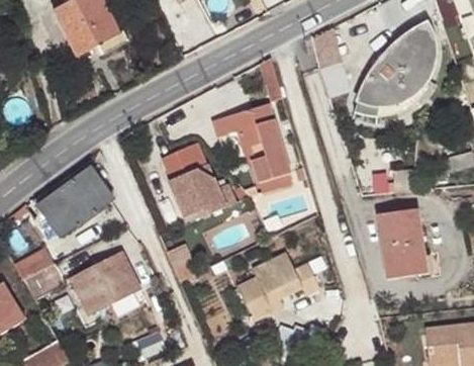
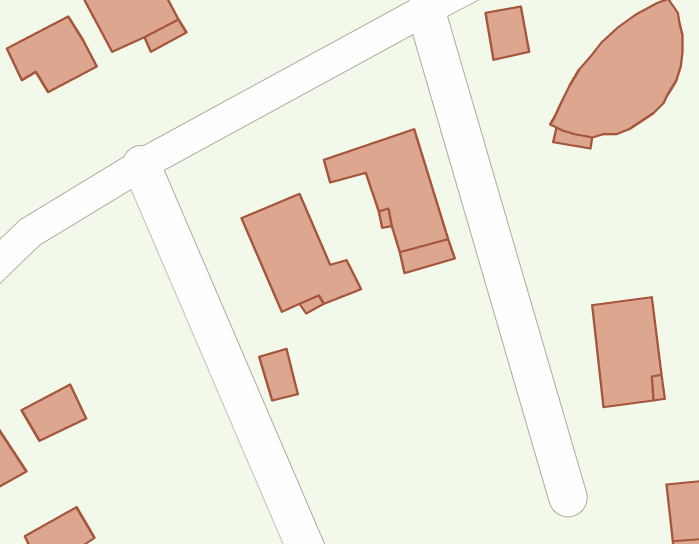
building: none -> [7,16,97,92]
building: [39,168,113,235] -> none
building: [72,251,139,311] -> none
building: [238,252,321,319] -> none

